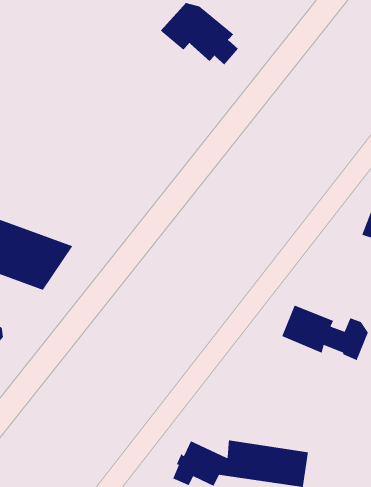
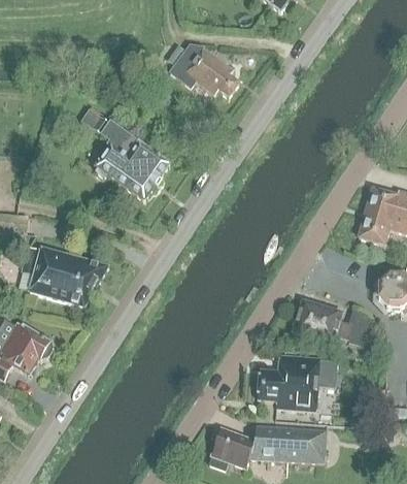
building: none -> [79,108,168,200]
building: none -> [258,354,338,408]

